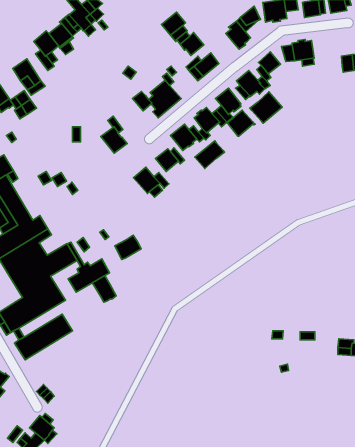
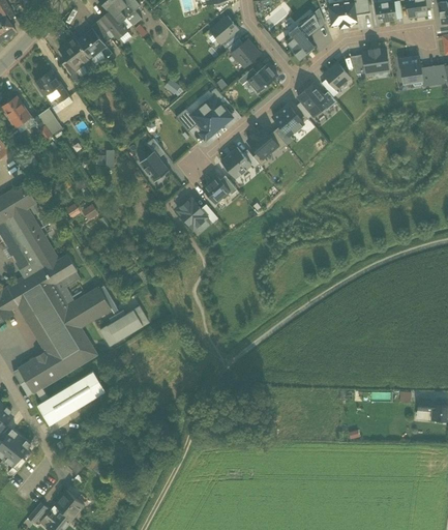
building: none -> [400,57,422,82]
building: [250,92,282,123] -> none
building: [227,110,255,136] -> none
building: [195,141,225,168] -> none
building: [115,235,141,260] -> none
building: [92,276,116,302] -> none

